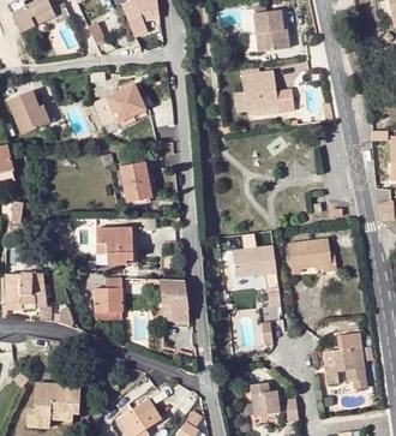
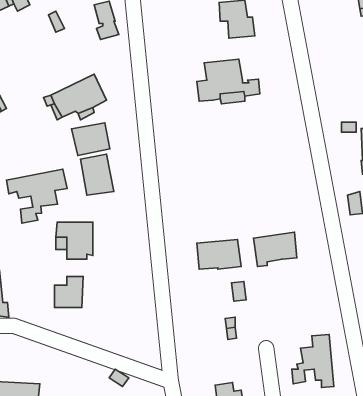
building: none -> [71,123,110,156]
building: none -> [6,169,67,223]
building: [158,279,188,322] -> none

